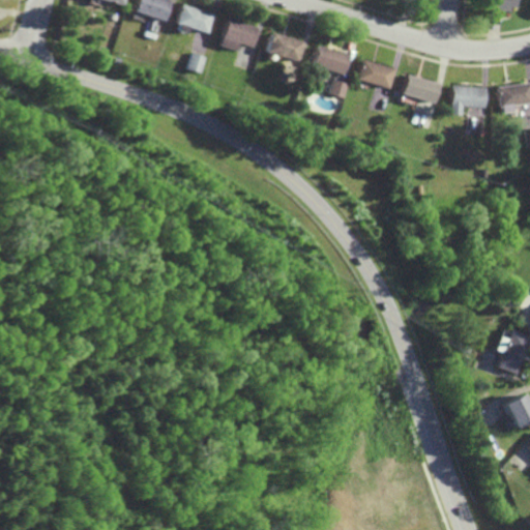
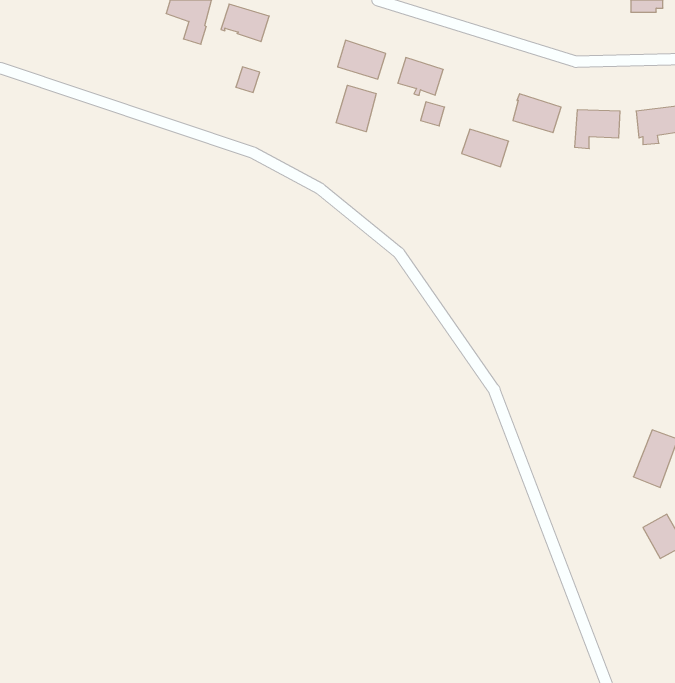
building: [225,19,260,47] -> none
building: [359,60,395,89] -> [462,129,509,167]
building: none -> [336,85,376,132]

